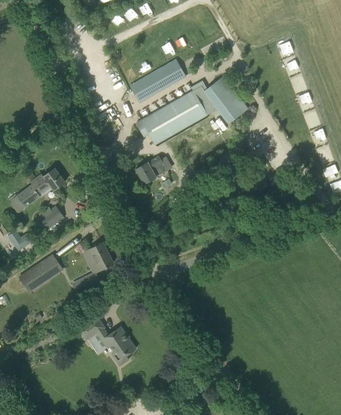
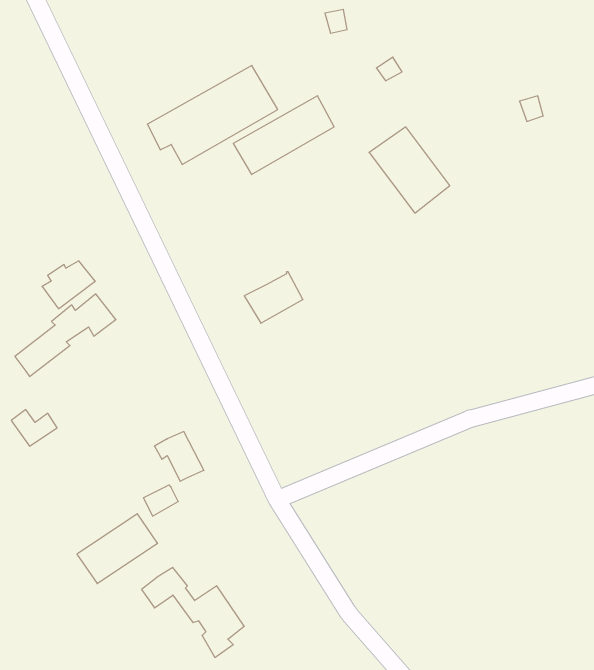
building: [137,90,208,144] -> [147,65,278,165]
building: [36,206,65,232] -> [42,261,95,309]
building: [19,253,63,291] -> [77,514,158,584]

